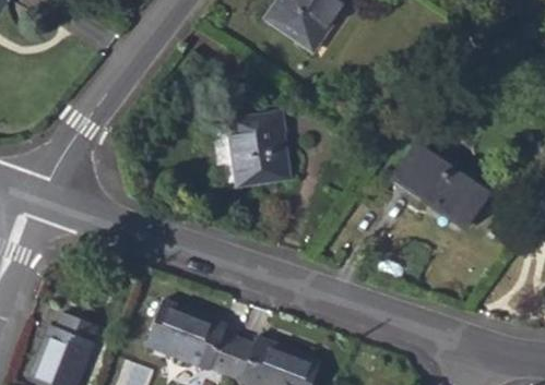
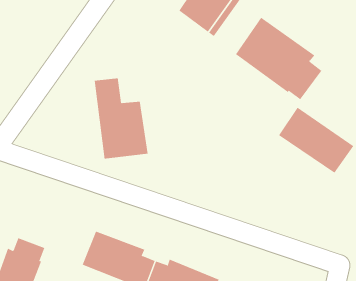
building: none -> [235,17,322,100]
building: [222,83,292,187] -> [94,78,148,159]

